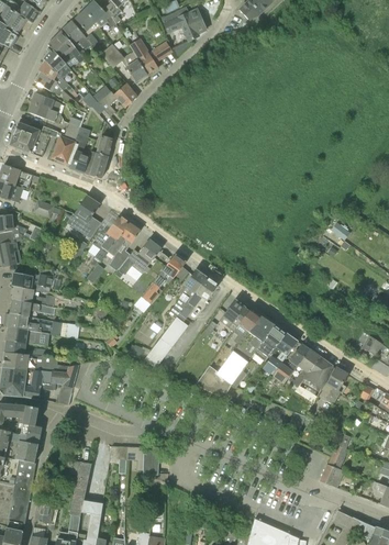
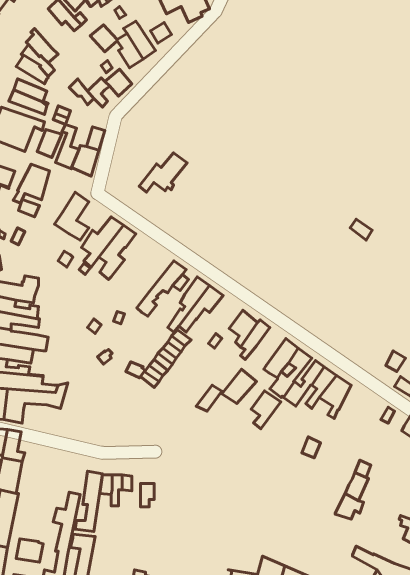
building: [49,31,85,65] -> none
building: none -> [13,164,50,203]
building: [119,240,162,275] -> [139,153,187,192]
building: [248,314,275,348] -> [251,391,281,429]
building: [325,367,347,404] -> none

